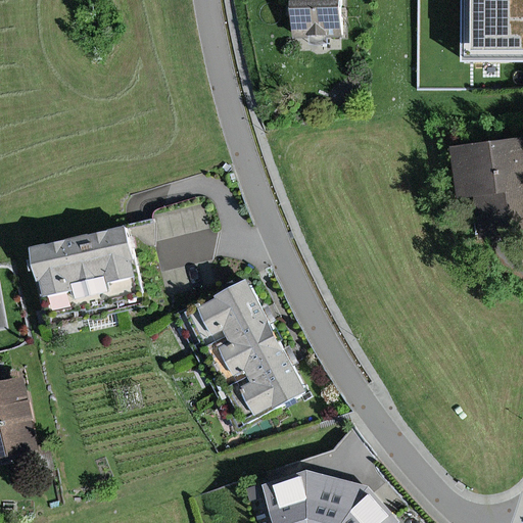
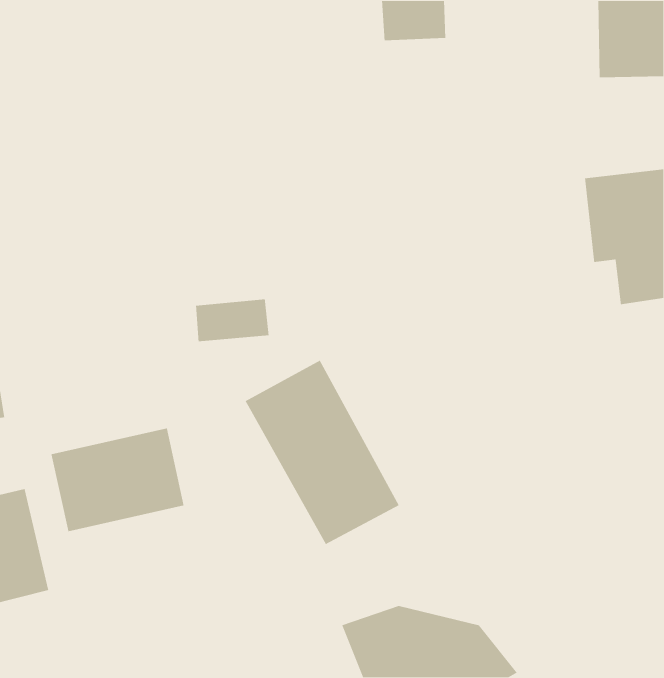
building: [35,226,138,306] -> [50,427,185,532]

